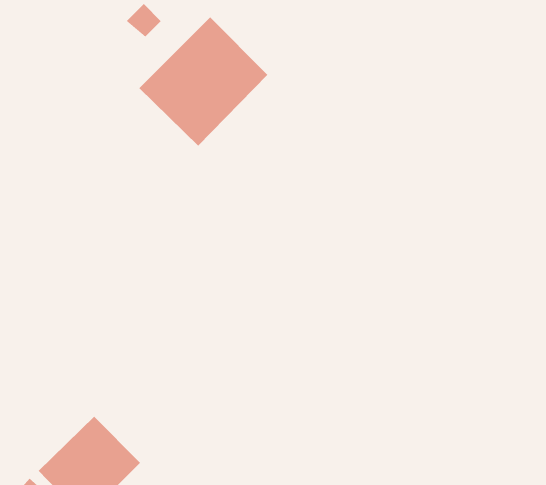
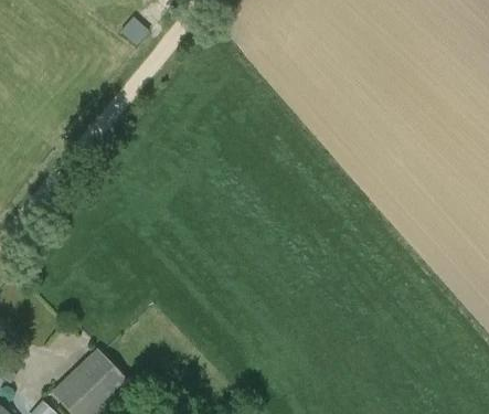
building: [138,17,268,146] -> none

